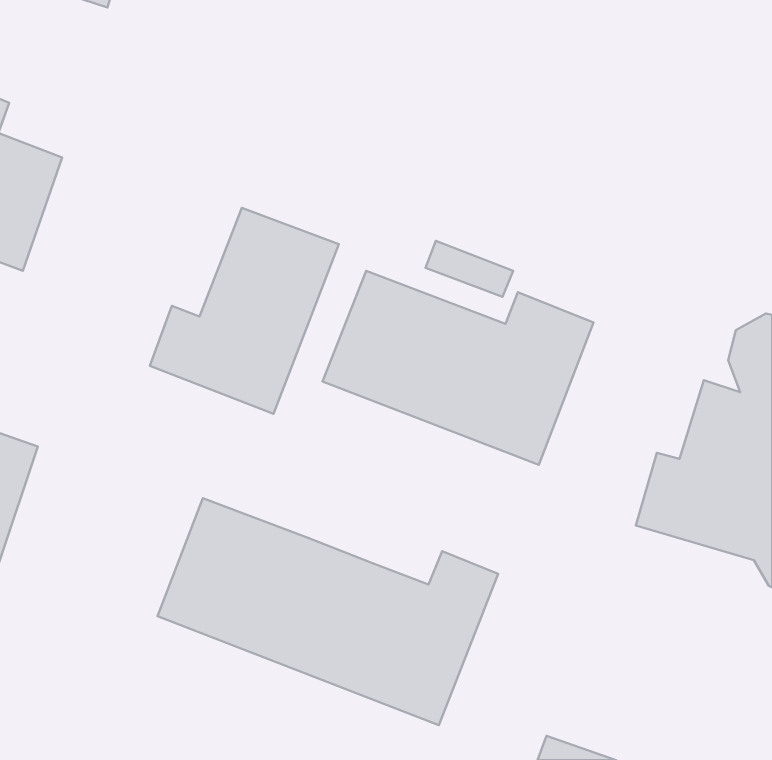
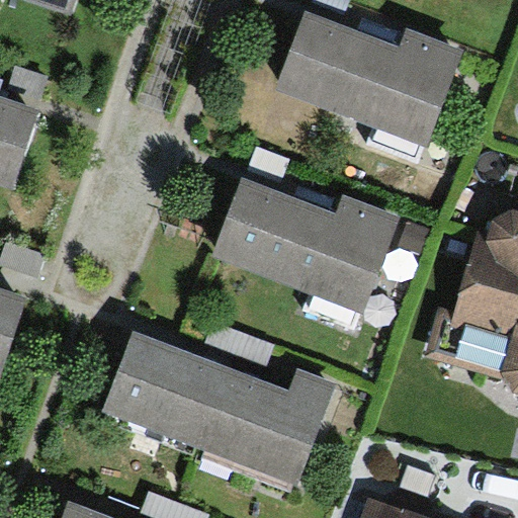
building: none -> [278,16,464,145]
building: [150,208,339,414] -> none

